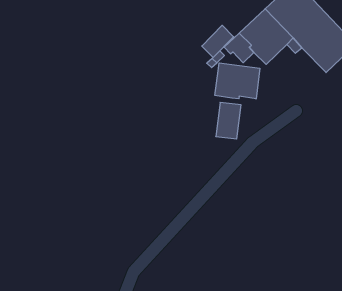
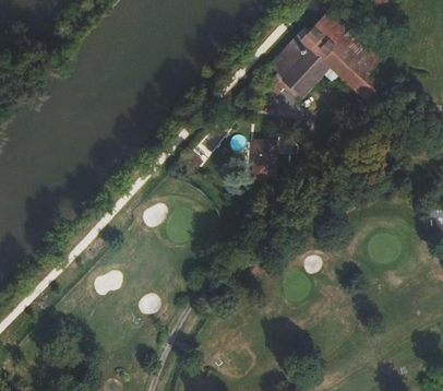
building: [202,25,234,58] -> none
building: [215,63,260,99] -> none

